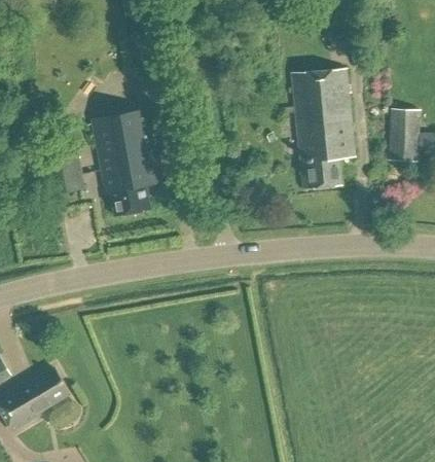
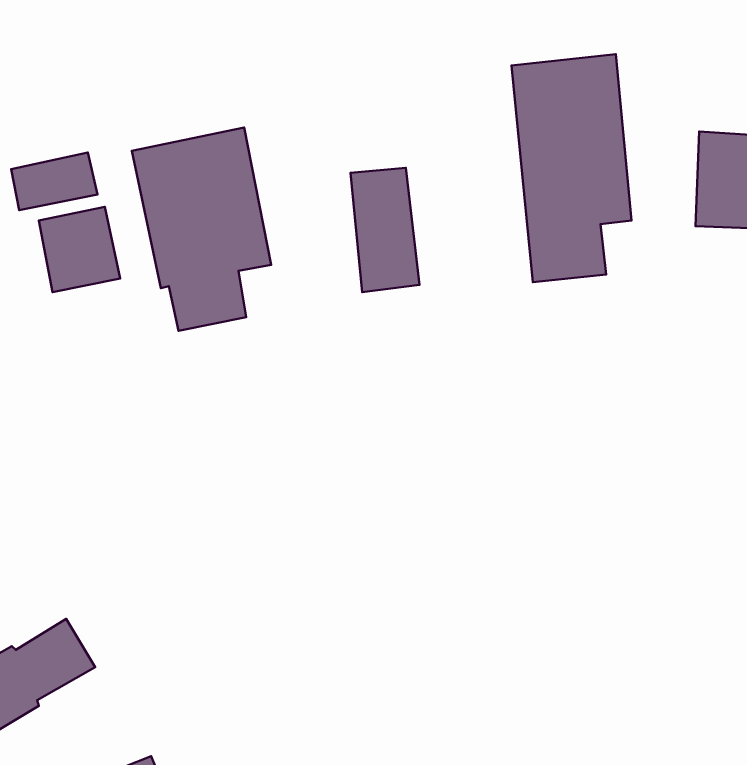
building: none -> [11,152,98,210]
building: none -> [350,168,419,292]

